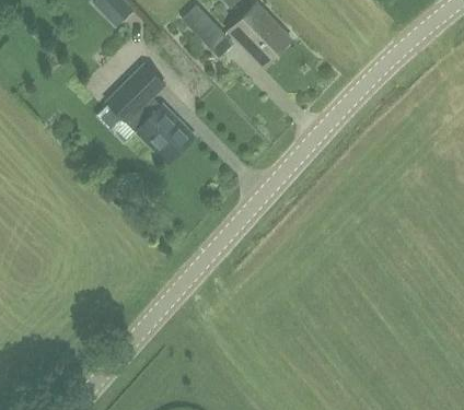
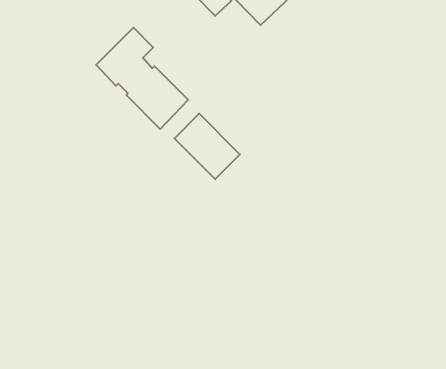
building: none -> [174,113,240,179]

